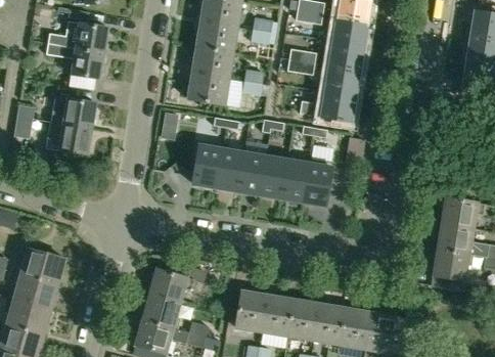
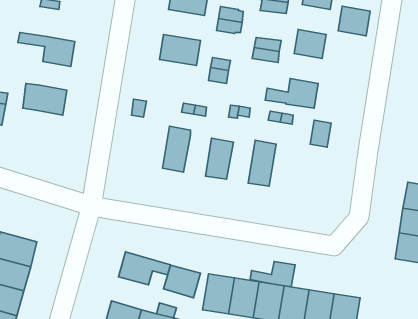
building: [333,14,366,45] -> [338,6,370,36]
building: [195,19,237,51] -> none
building: [48,20,108,52] -> none
building: [325,64,358,95] -> none
building: [187,71,229,103] -> none
building: [47,121,92,153] -> none
building: [216,148,244,190] -> none
building: [260,155,288,197] -> none
building: [304,158,333,205] -> none
building: none -> [250,261,295,287]
building: [142,294,180,327] -> [163,265,200,298]

